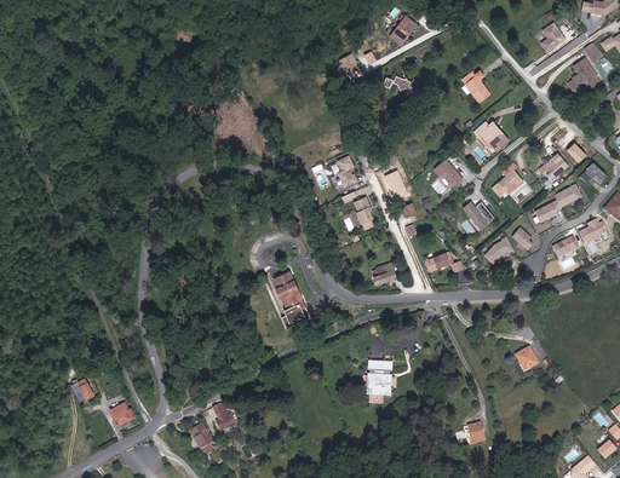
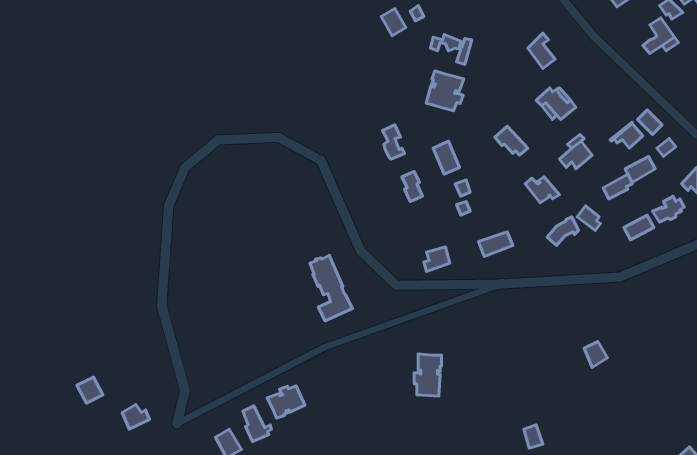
building: none -> [426,71,464,111]
building: none -> [267,386,305,418]

